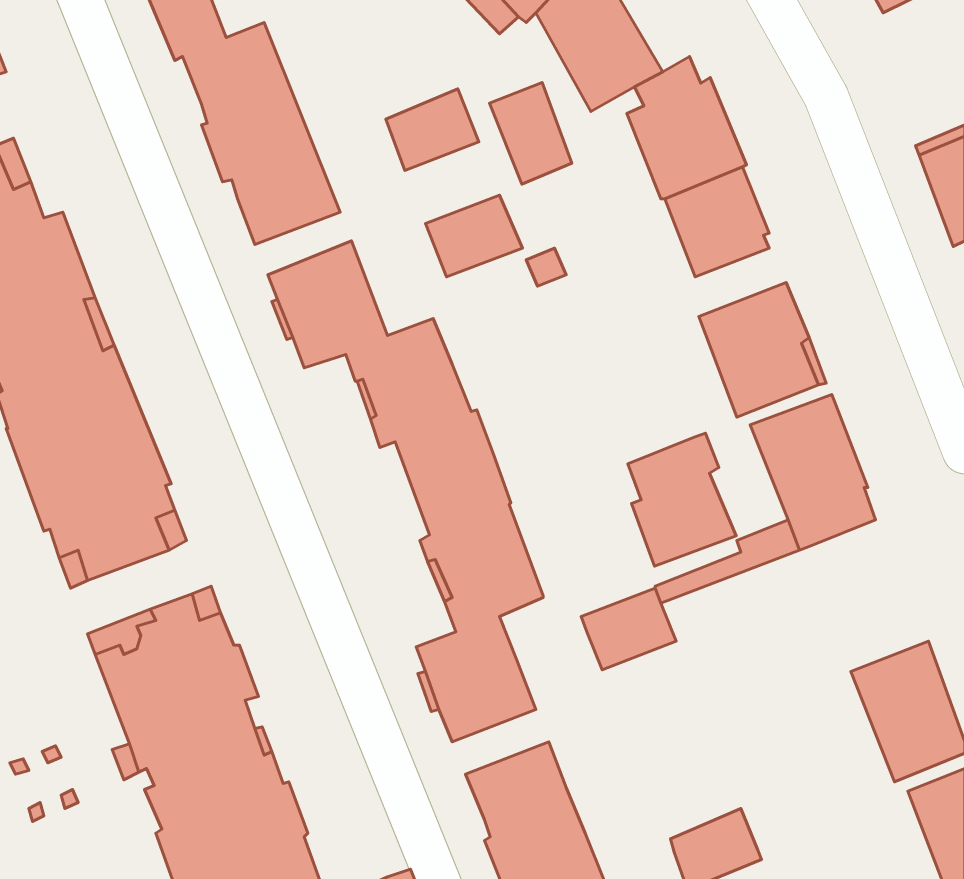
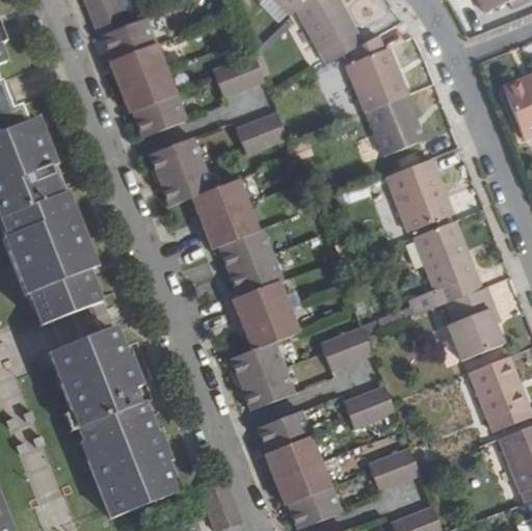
building: [490,82,572,184] -> none
building: [628,433,736,566] -> [446,287,505,360]
building: none -> [344,386,396,429]

